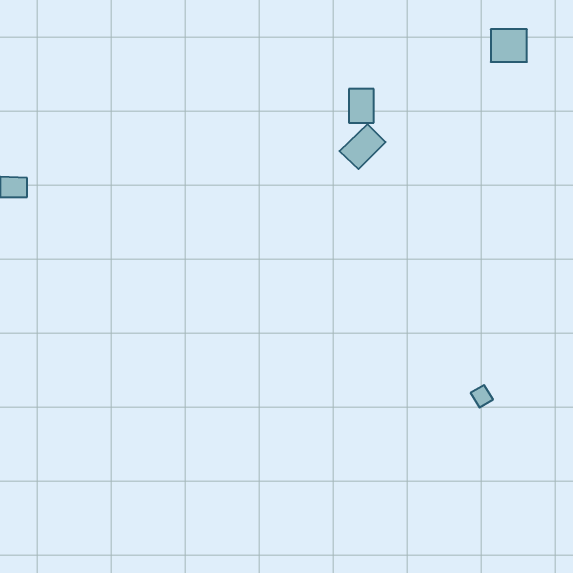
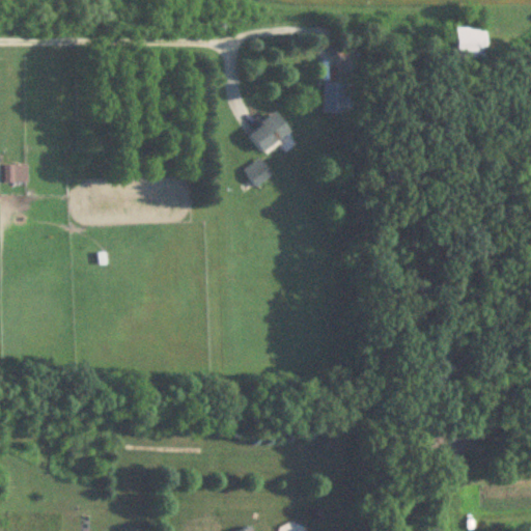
building: [339,124,386,169] -> [249,111,291,152]
building: none -> [244,157,273,186]

